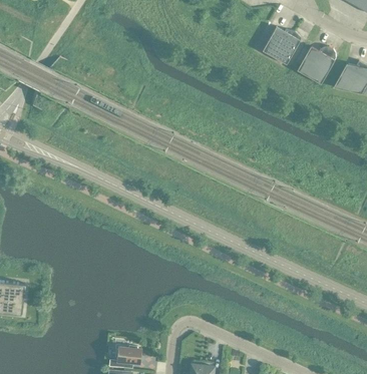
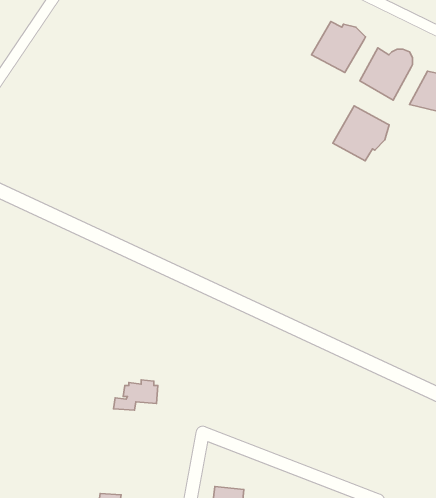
building: none -> [333,106,389,161]
building: [108,345,140,367] -> [114,380,158,410]

